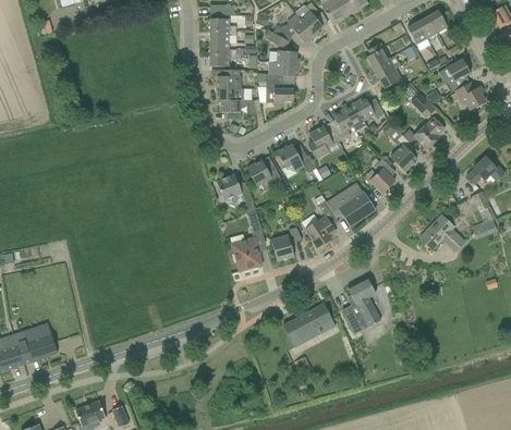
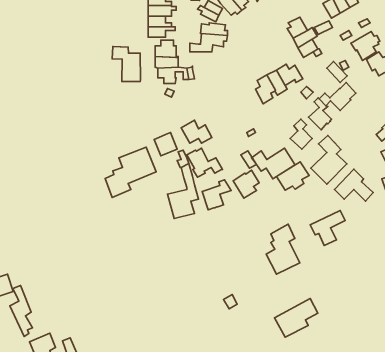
building: none -> [112,46,141,81]
building: [258,82,293,102] -> none
building: [307,124,339,158] -> none
building: [276,144,316,176] -> [187,148,223,177]
building: none -> [311,135,347,184]
building: none -> [105,147,156,198]
building: none -> [276,162,309,190]
building: none -> [310,210,345,245]
building: [282,303,331,346] -> [274,299,318,337]
building: none -> [10,286,32,337]

